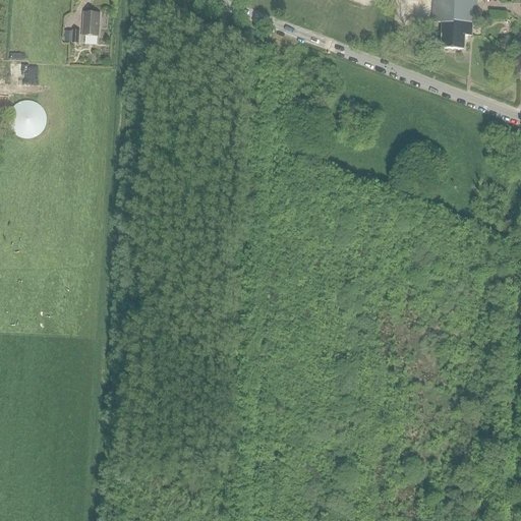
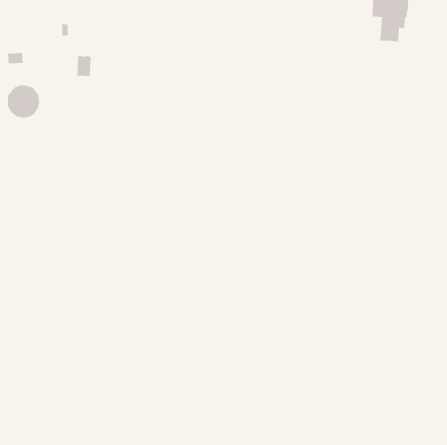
building: [81,10,99,35] -> [76,56,91,77]

